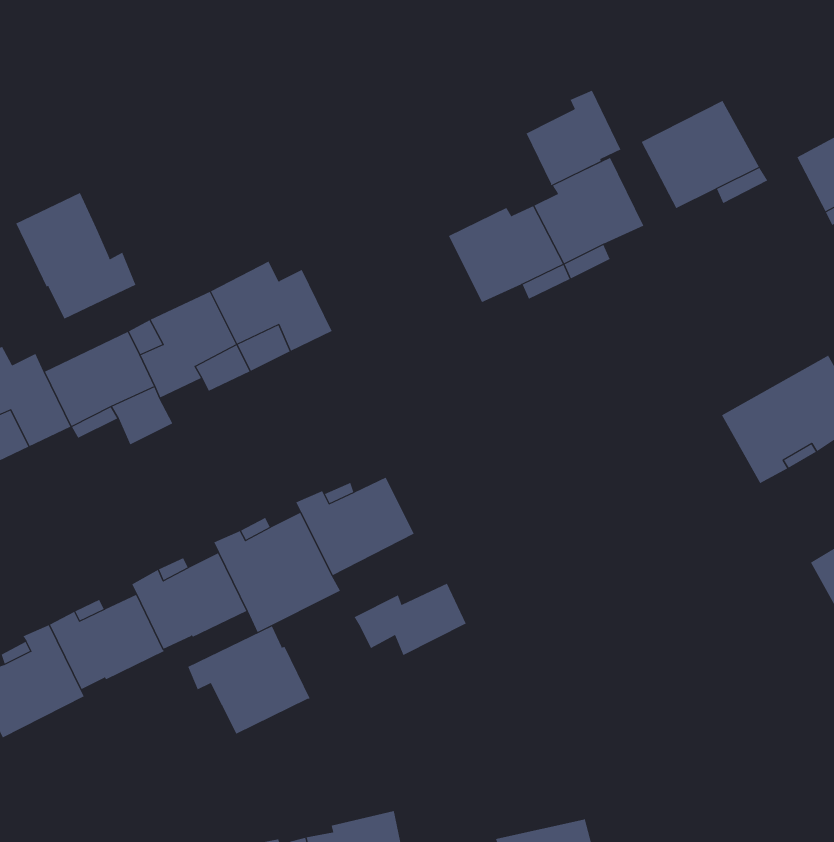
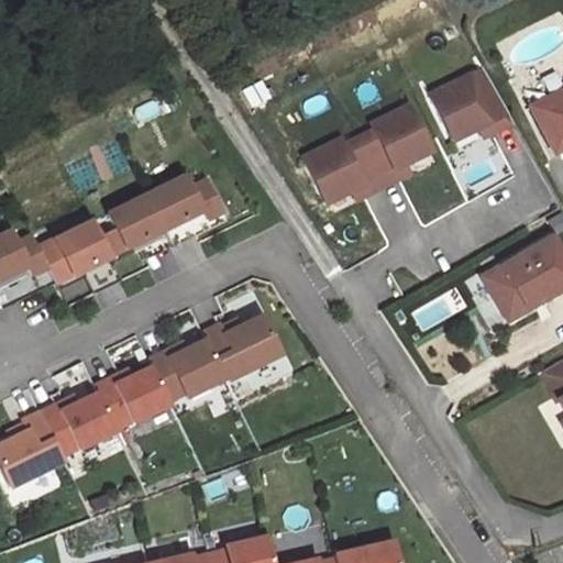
building: [526,90,621,186] -> none
building: [16,192,136,320] -> none
building: [354,583,467,656] -> none
building: [187,626,311,734] -> none

